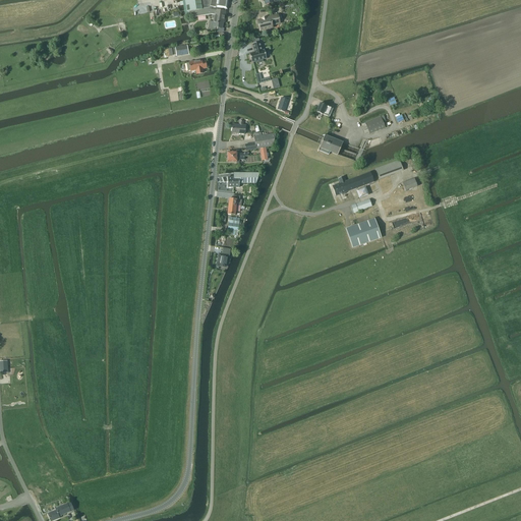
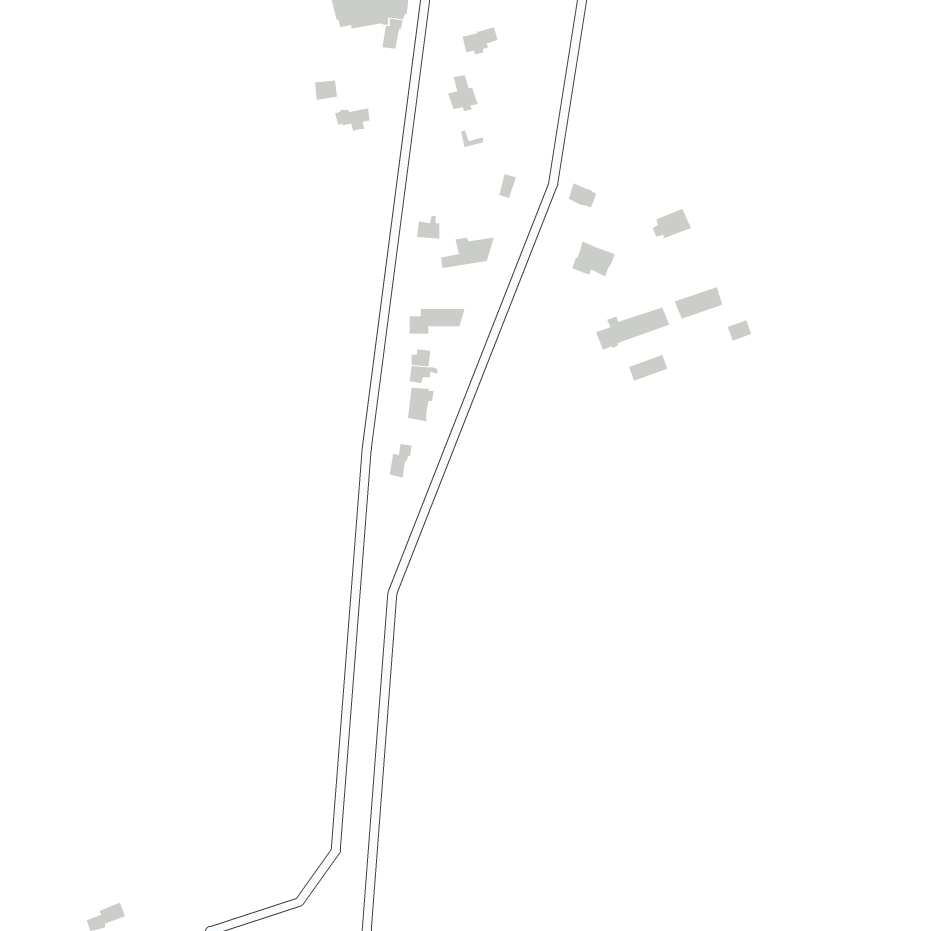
building: [346,217,382,247] -> none

